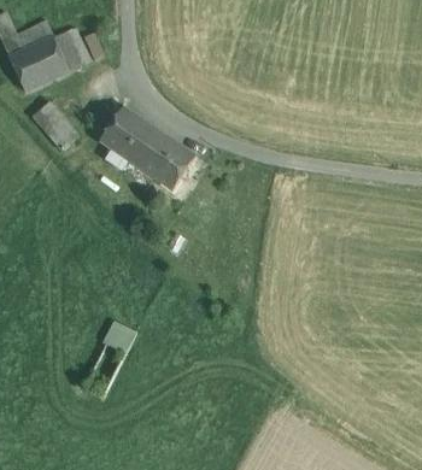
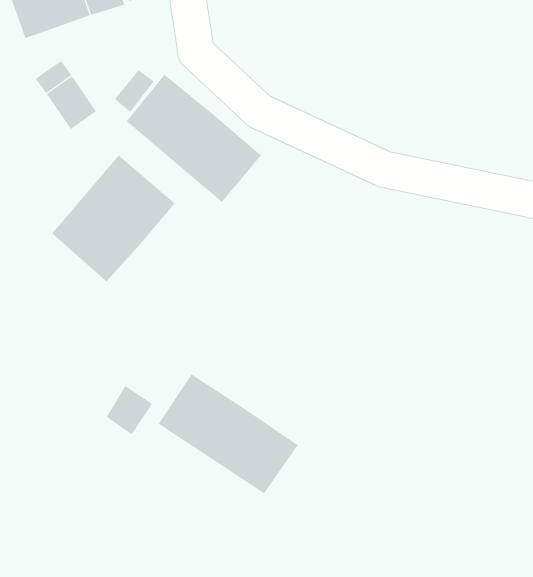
building: none -> [52,155,176,282]
building: none -> [158,373,299,494]

